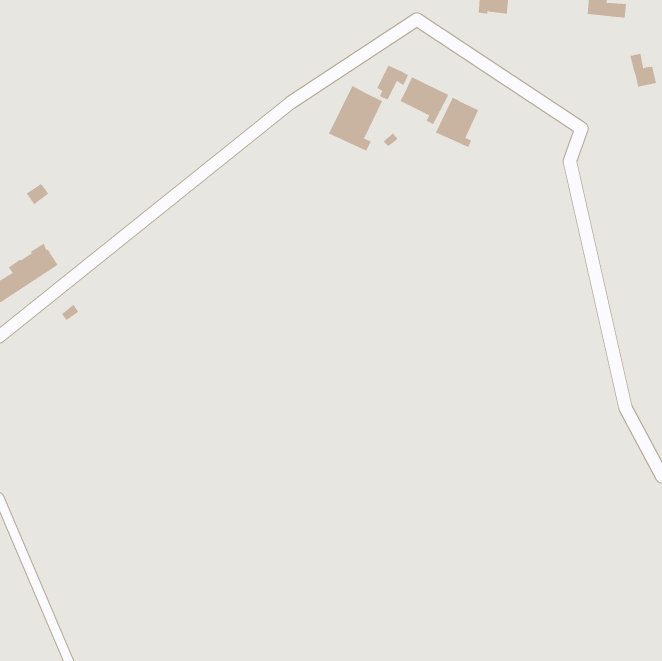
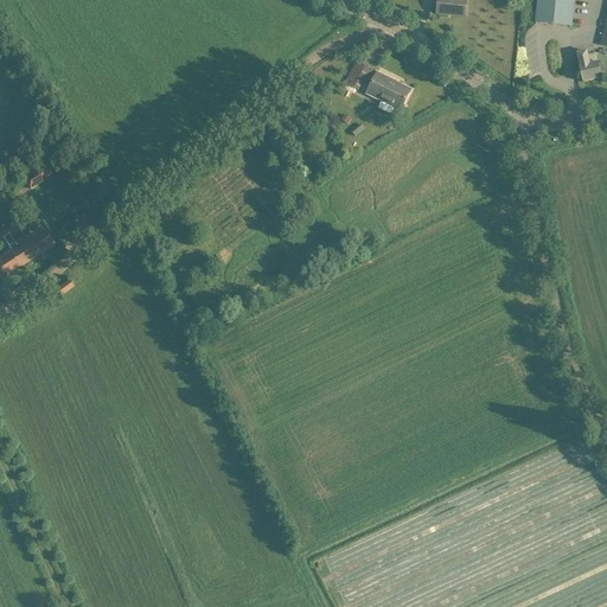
building: [328,85,383,151] -> none
building: [435,97,479,148] -> none

